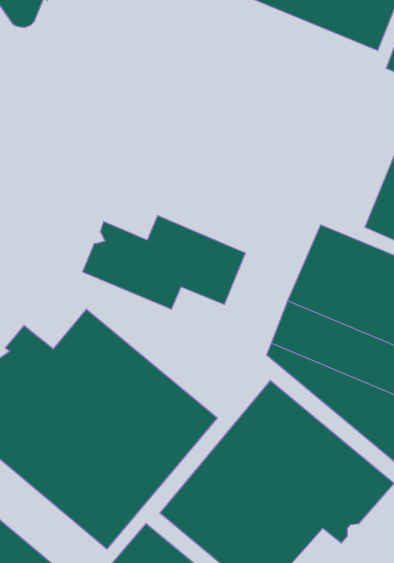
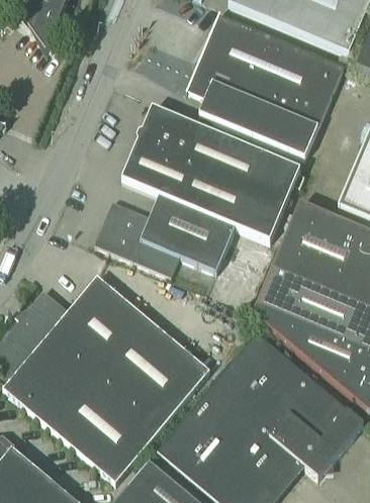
building: none -> [186,13,344,155]
building: none -> [121,104,304,239]

